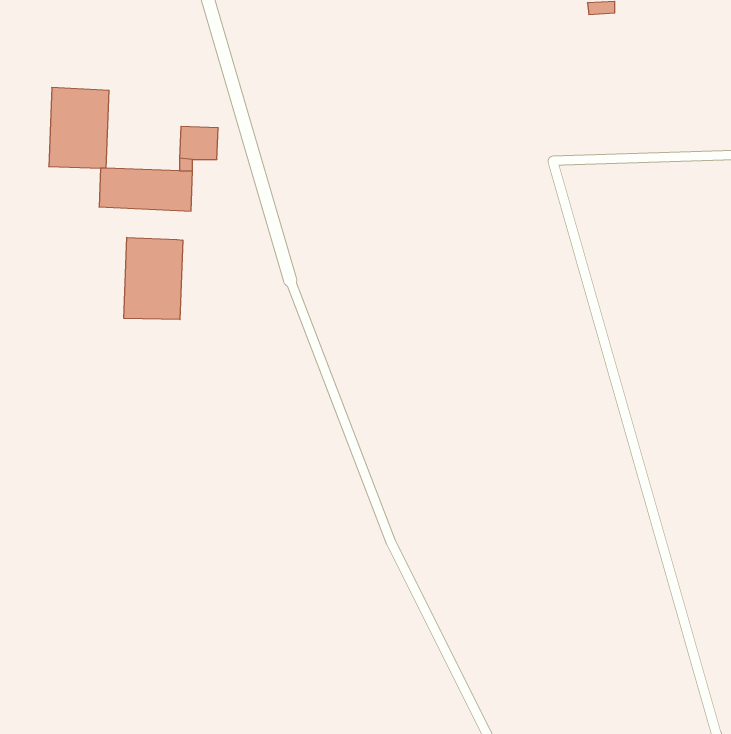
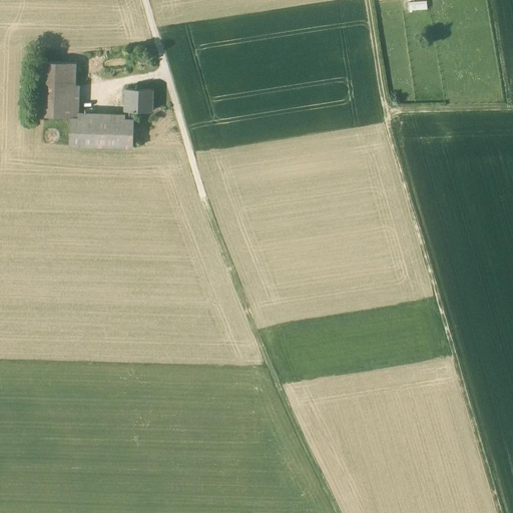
building: [124,237,183,320] -> none

